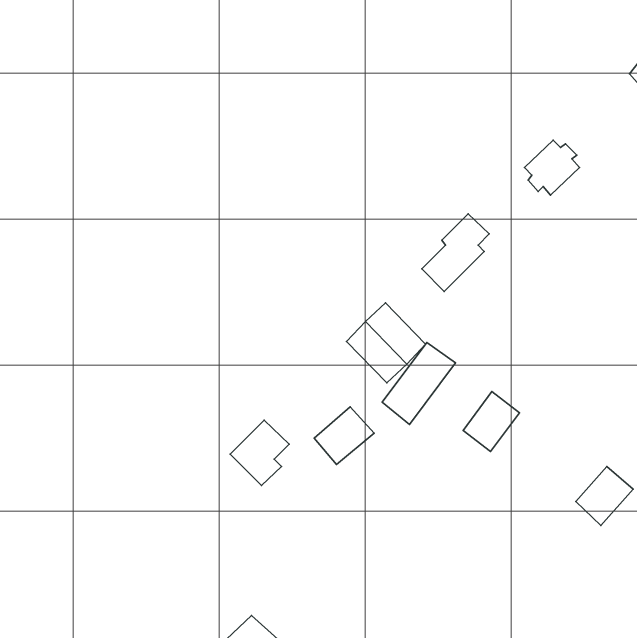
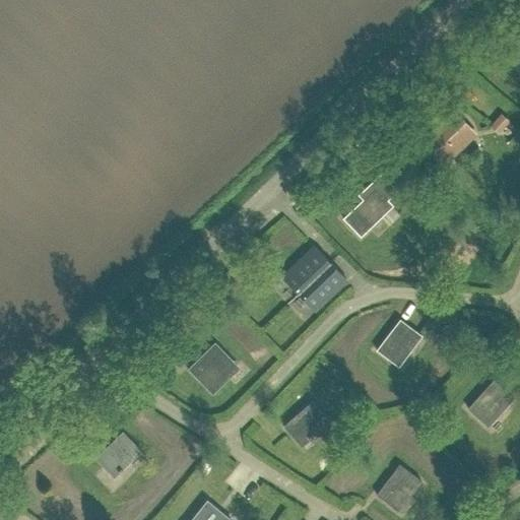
building: [382,342,455,425] -> none
building: [314,407,374,464] -> [284,401,333,448]
building: none -> [96,432,143,478]
building: none -> [378,464,424,512]

